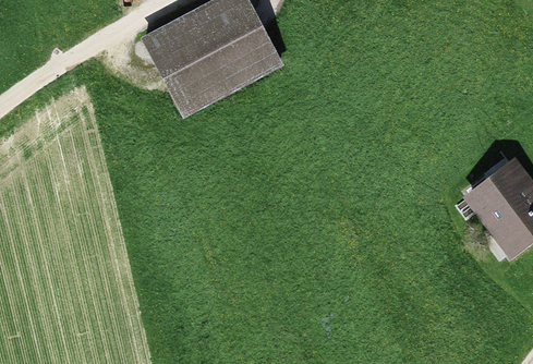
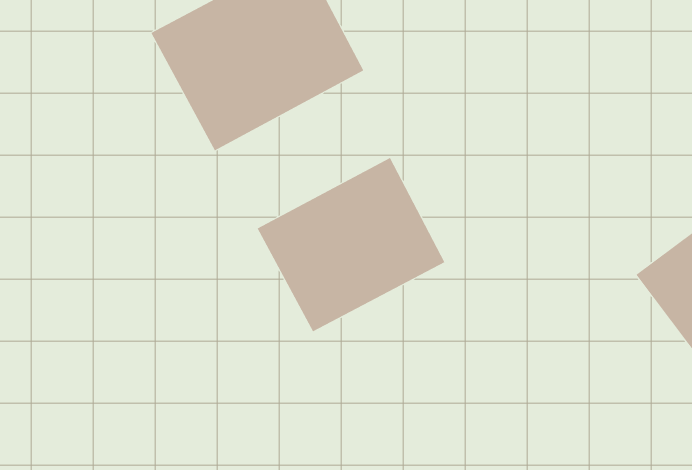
building: none -> [257,157,445,332]

